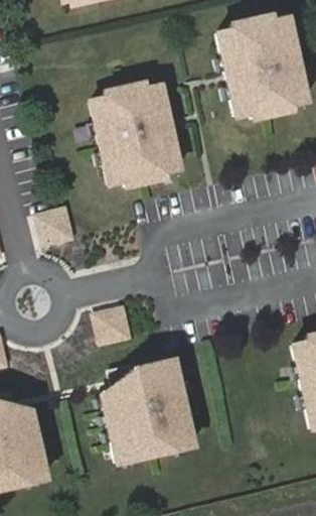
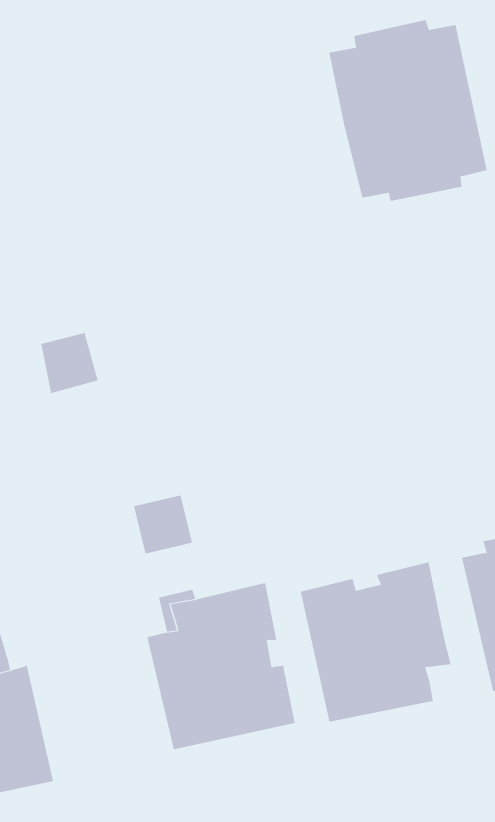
building: [88,82,184,192] -> none
building: none -> [300,561,451,722]

